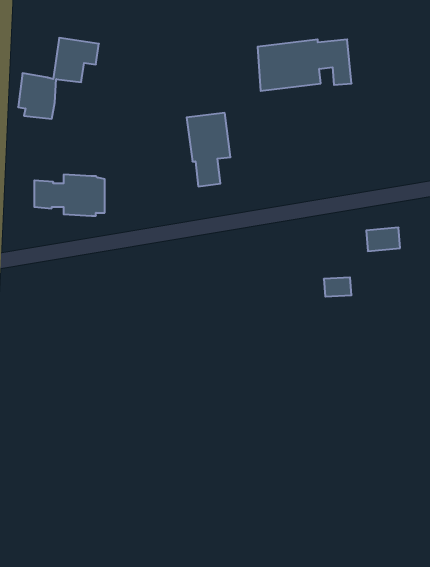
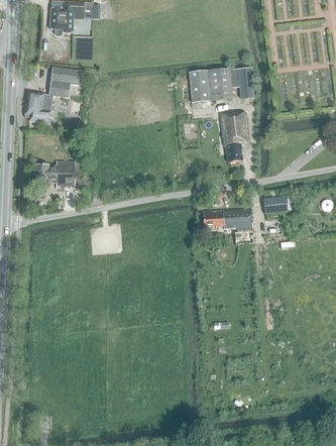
building: [187,113,231,186] -> [219,111,249,161]
building: none -> [203,207,252,228]

